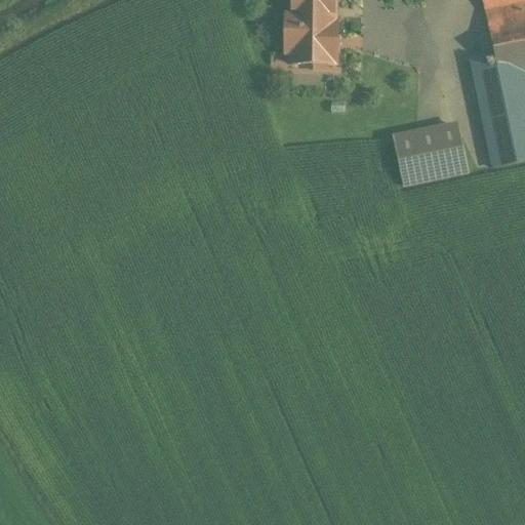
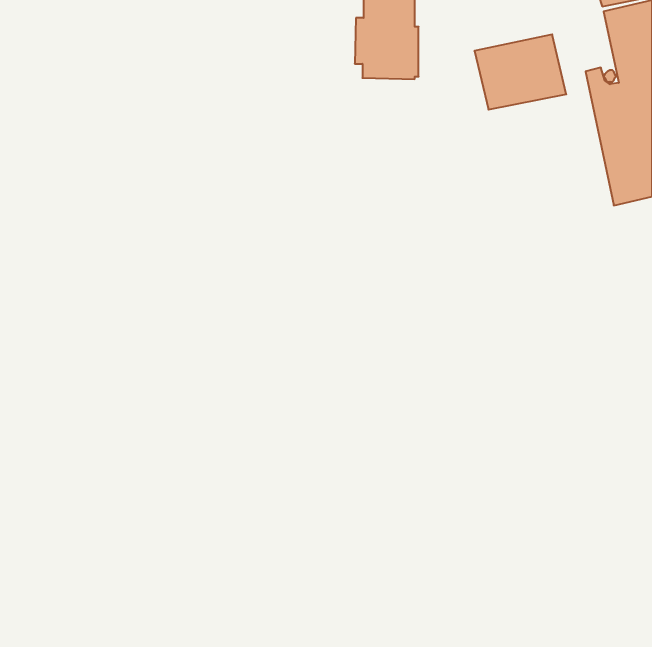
building: [394,123,468,184] -> [474,34,566,110]

